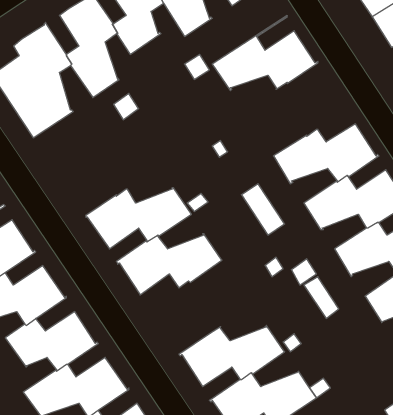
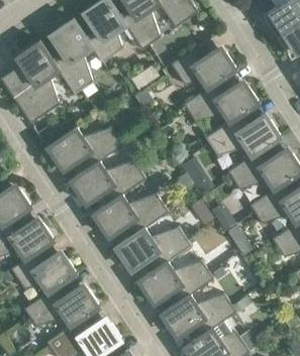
building: none -> [183,79,260,122]
building: none -> [45,117,122,170]
building: none -> [113,226,191,270]

